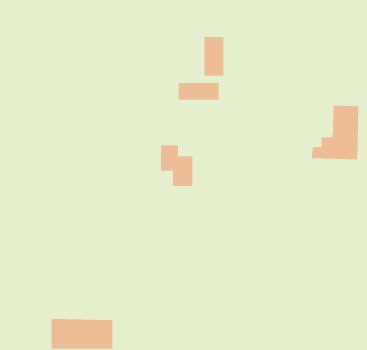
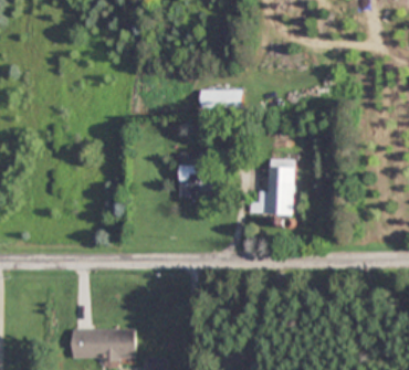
building: [204,36,224,76] -> none
building: [311,105,359,160] -> [248,160,296,215]

